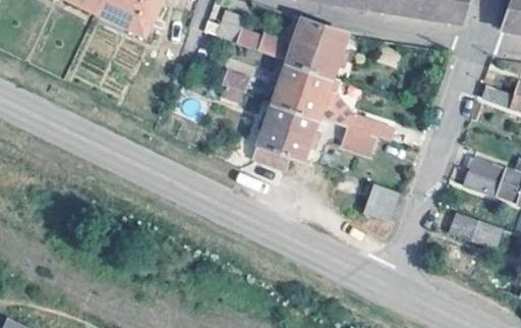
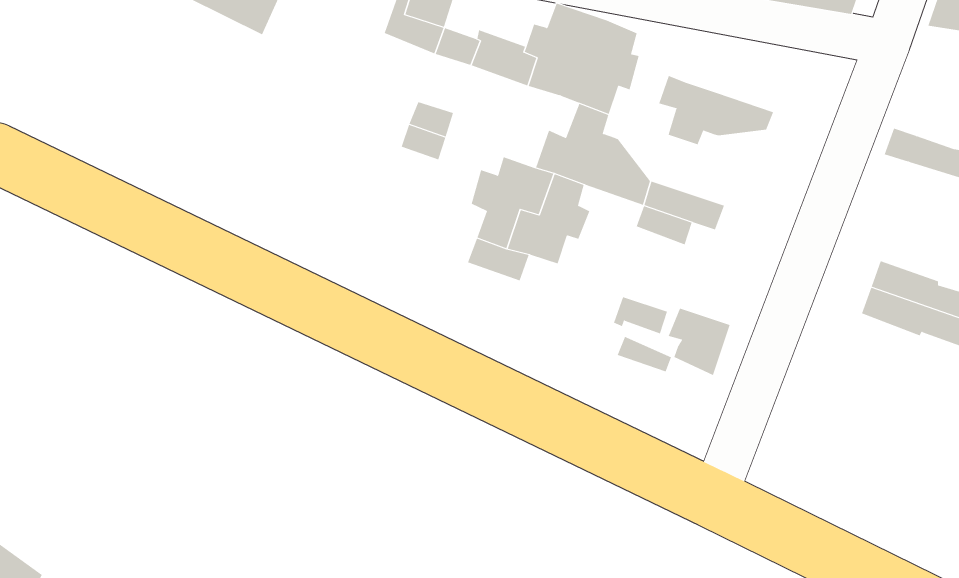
building: none -> [658,75,774,145]
building: [271,63,314,107] -> none
building: [452,213,502,249] -> none

